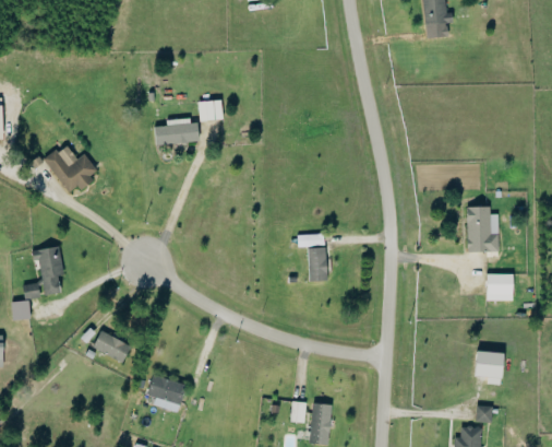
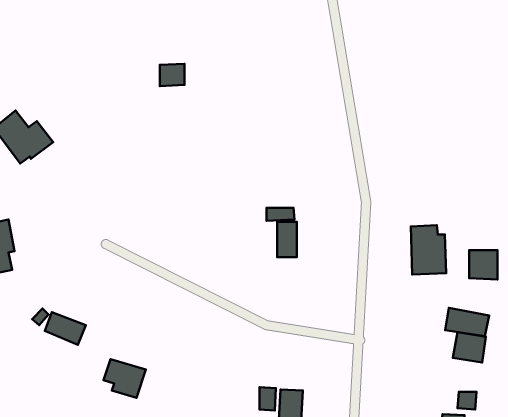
building: [153,118,200,145] -> none
building: [466,205,499,251] -> [411,225,446,274]
building: none -> [445,308,489,336]

